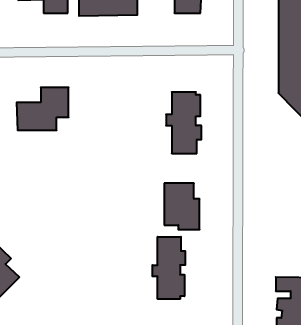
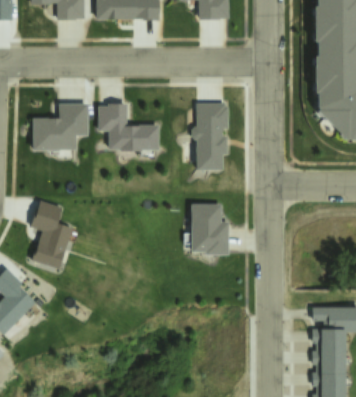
building: none -> [96,101,157,148]
building: none -> [31,201,74,272]
building: [152,237,185,299] -> none

